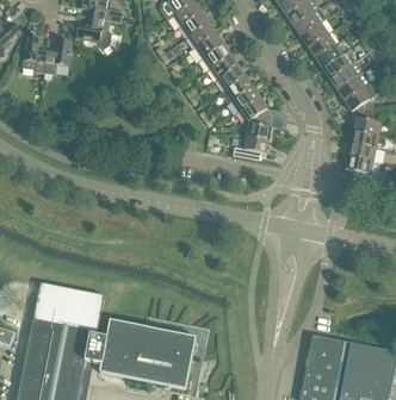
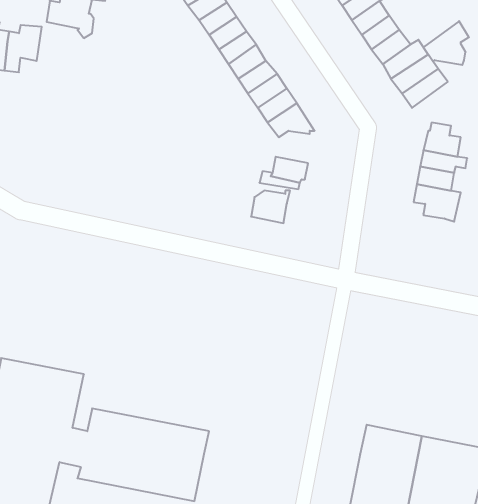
building: [345,81,378,113] -> [423,21,469,65]
building: [245,117,273,140] -> [251,191,290,223]

